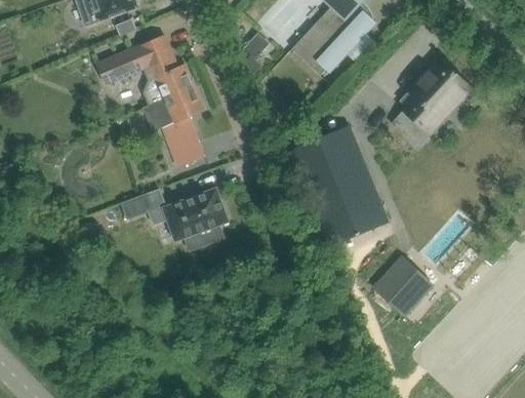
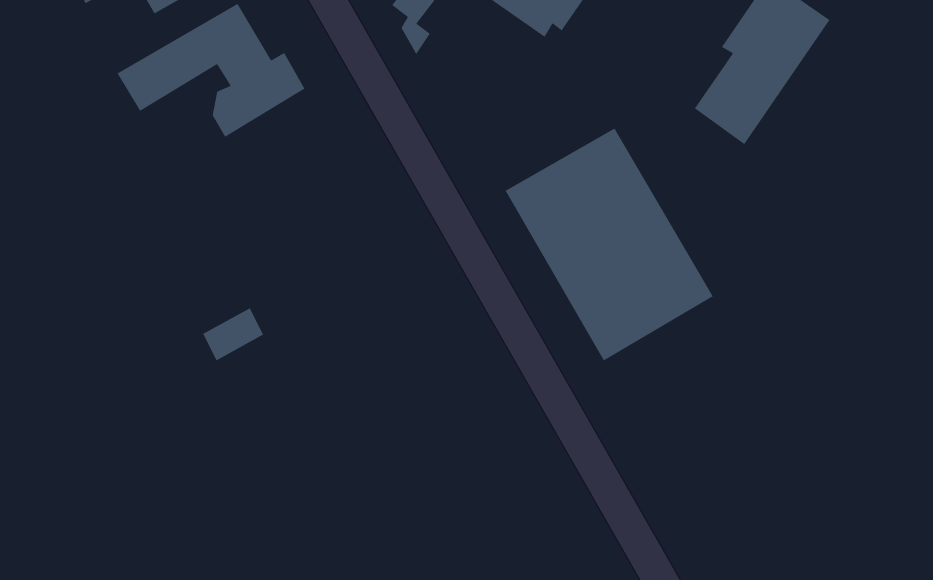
building: [143,85,204,167] -> none
building: [162,189,228,245] -> none
building: [370,256,434,319] -> none

